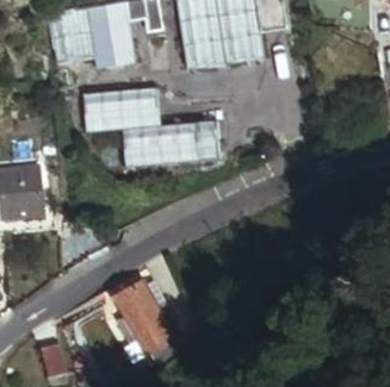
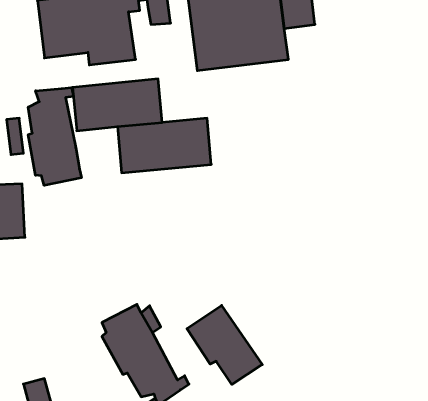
building: none -> [28,88,81,185]
building: none -> [187,305,262,384]

